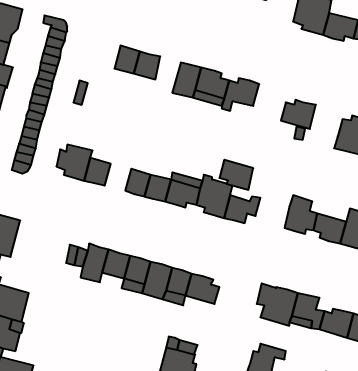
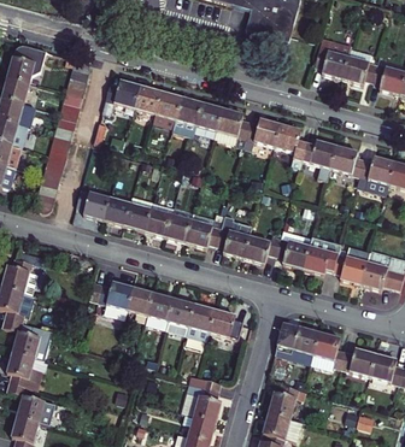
building: none -> [102,80,142,114]
building: none -> [174,96,202,136]
building: none -> [275,124,307,160]
building: none -> [331,145,364,176]
building: none -> [127,195,155,230]
building: [219,160,253,190] -> [277,237,311,267]

